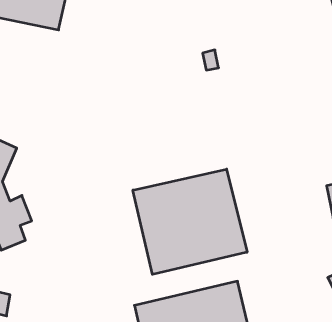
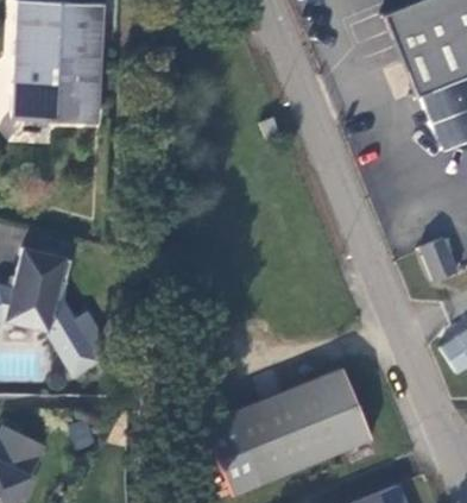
building: [133,169,247,274] -> none

